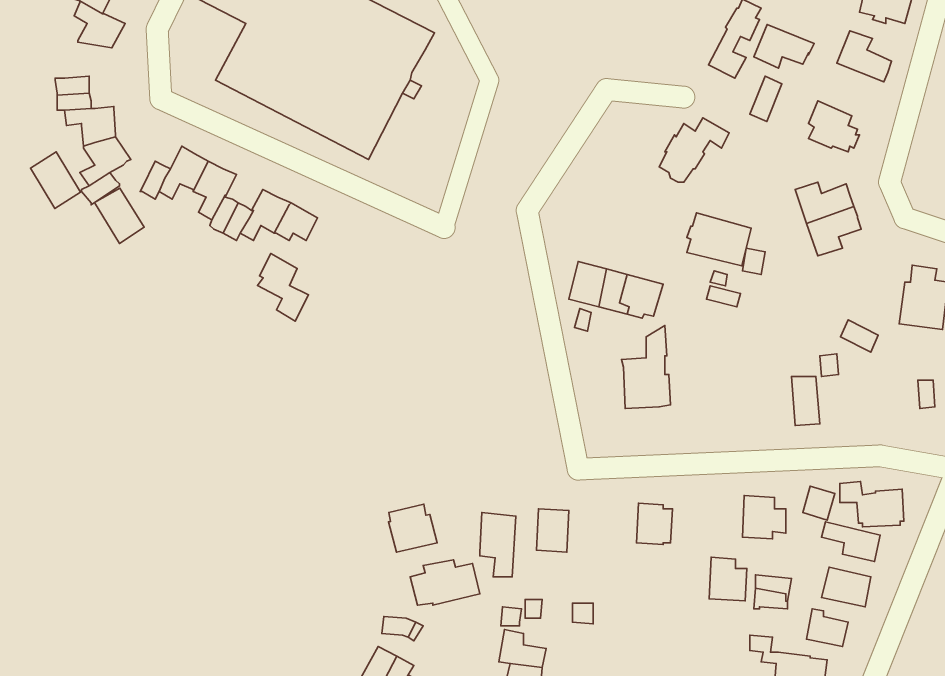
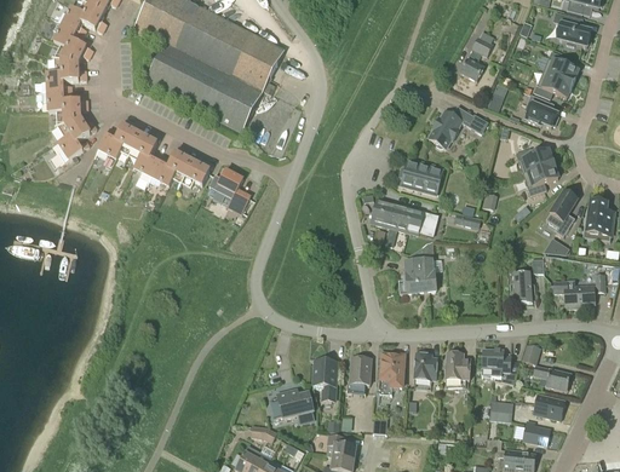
building: [754,25,814,68] -> [534,70,573,98]
building: none -> [46,57,79,80]
building: [30,152,81,208] -> none
building: [94,188,144,244] -> none
building: [687,213,751,266] -> [401,159,442,192]
building: none -> [545,189,578,235]
building: [257,253,308,321] -> [217,169,249,213]
building: [840,482,904,527] -> [553,278,595,307]
building: none -> [380,352,403,385]
building: [389,504,437,552] -> none
building: [709,557,747,601] -> [446,351,470,379]

